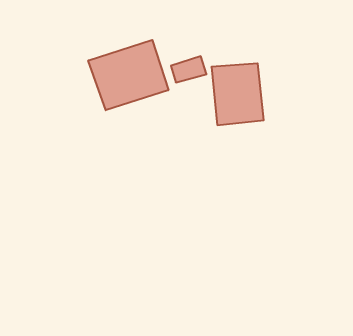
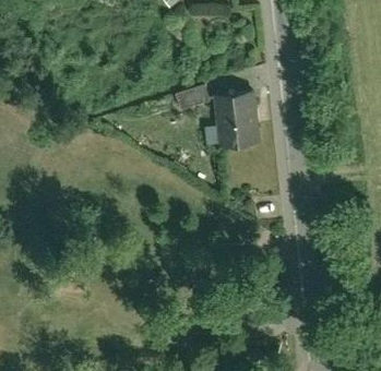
building: [88,40,168,110] -> none

